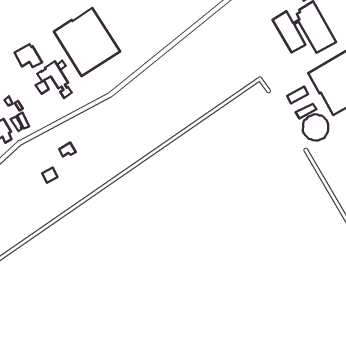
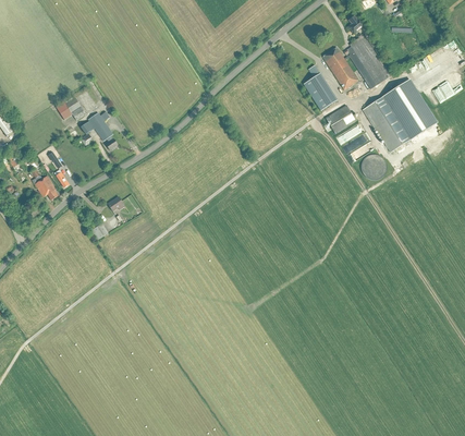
building: [54,8,120,76] -> none
building: none -> [303,64,338,110]
building: none -> [325,104,356,133]

